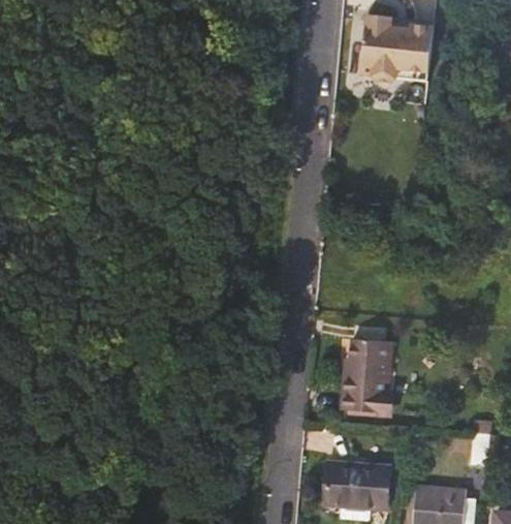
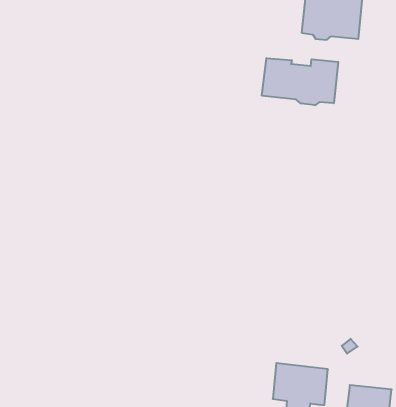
building: none -> [262,58,338,105]
building: [341,339,388,410] -> none

